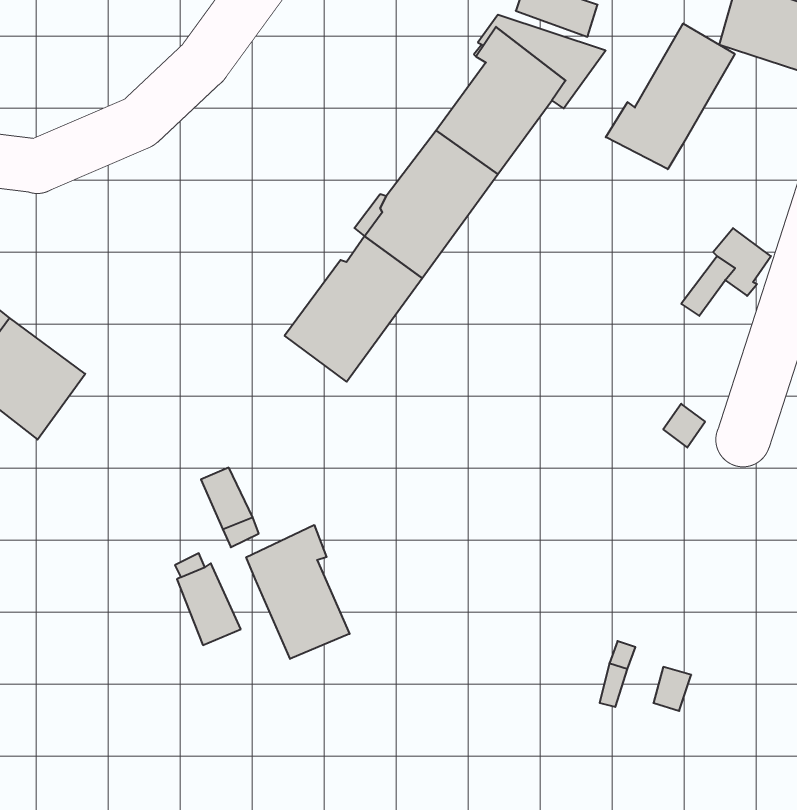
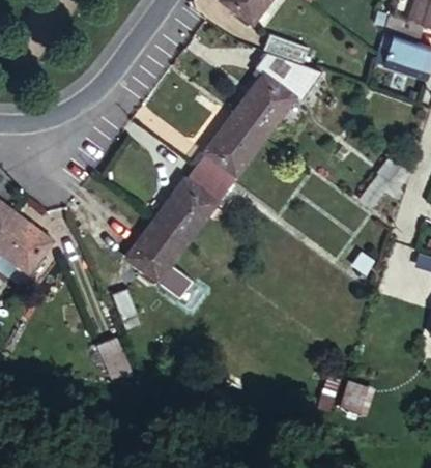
building: [606,23,735,169] -> none
building: none -> [125,221,186,283]
building: [246,525,350,659] -> none

